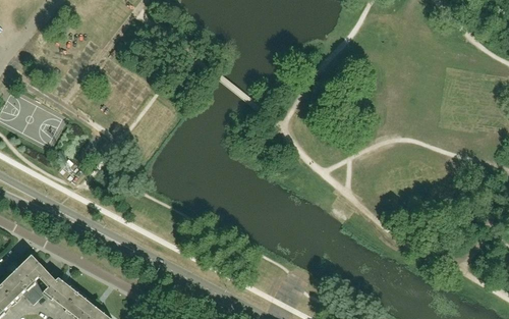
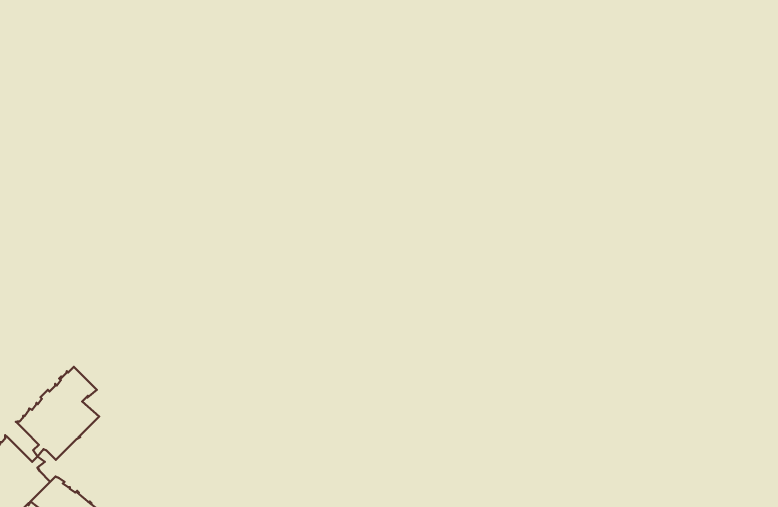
building: none -> [16,367,99,460]

